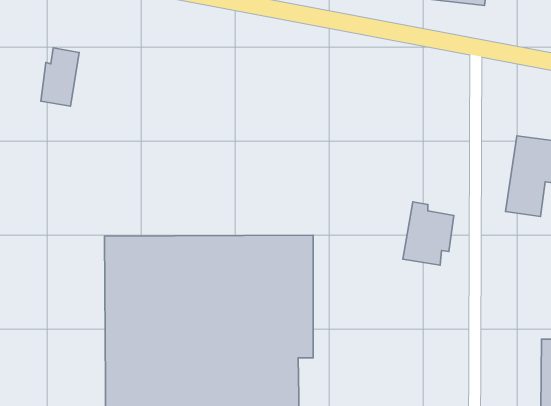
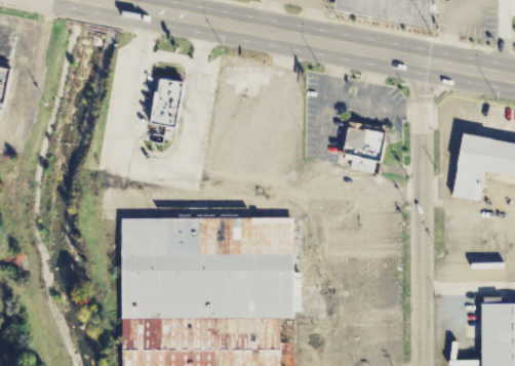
building: [41,48,79,106] -> [155,80,187,128]
building: [403,202,454,265] -> [346,123,388,175]

